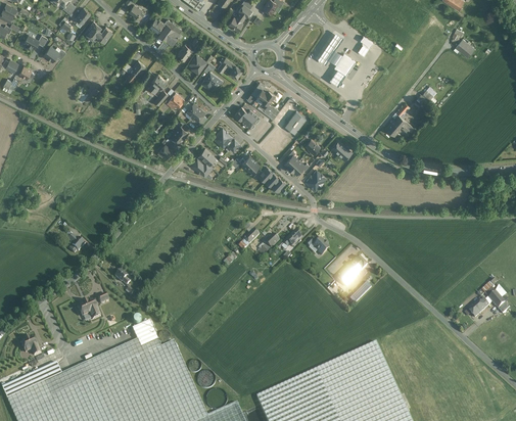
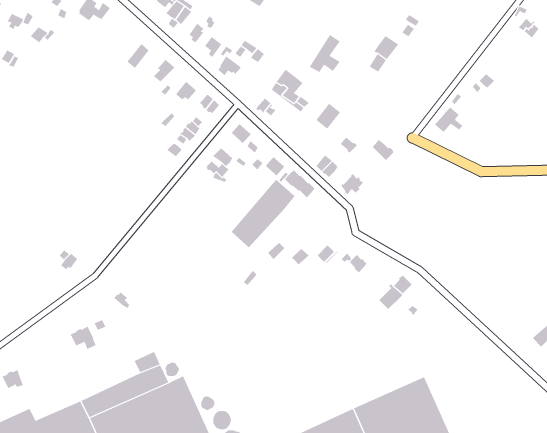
building: [316,32,342,64] -> [309,34,340,73]
building: none -> [231,179,295,248]

